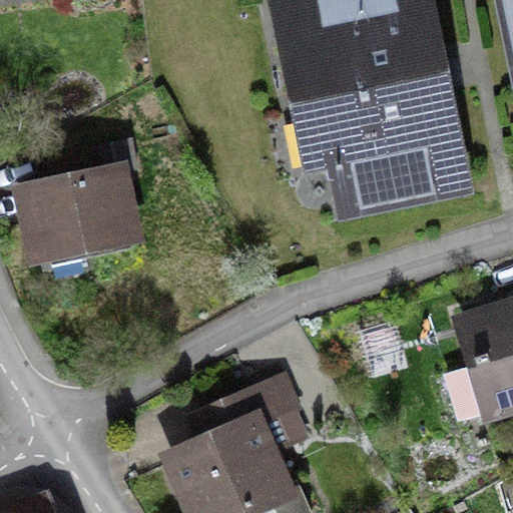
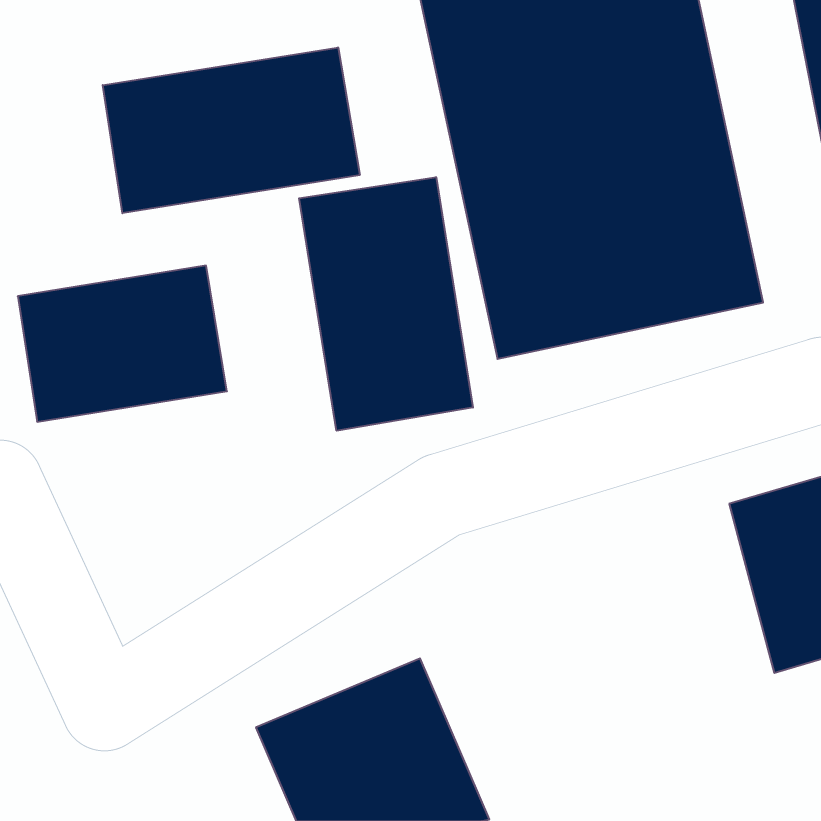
building: none -> [103,47,360,213]
building: none -> [299,177,473,431]

